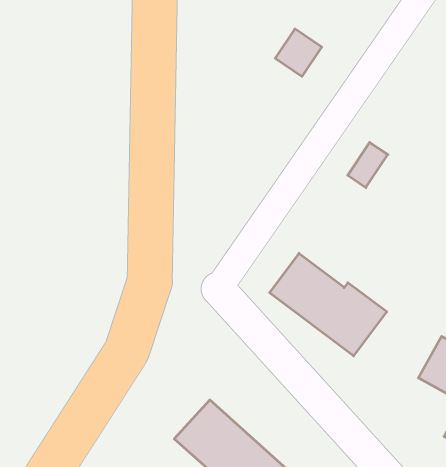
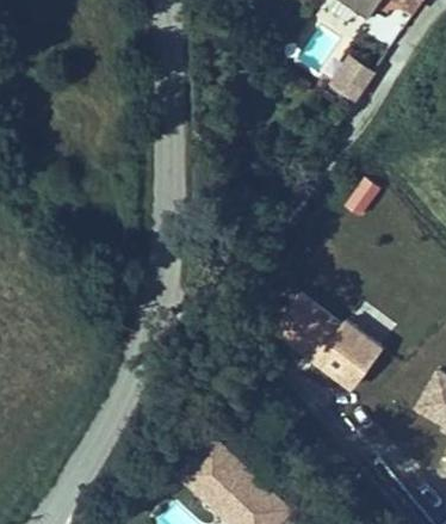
building: [275,29,322,76] -> [328,56,373,103]

